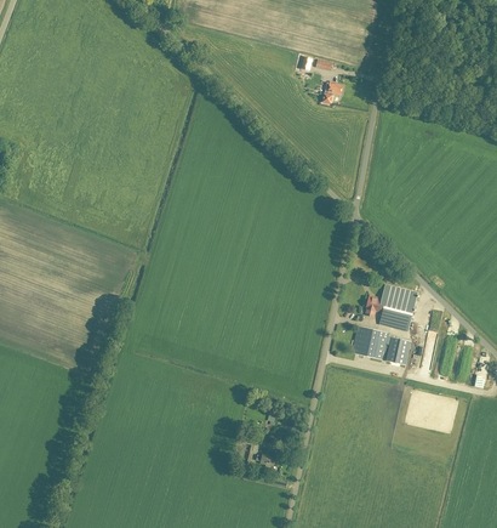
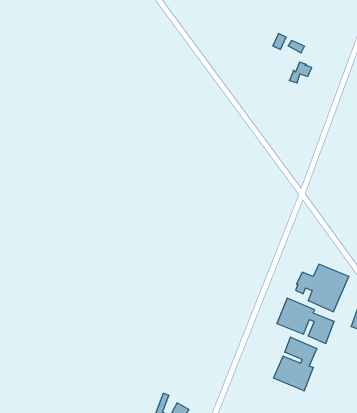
building: none -> [274,337,317,391]

